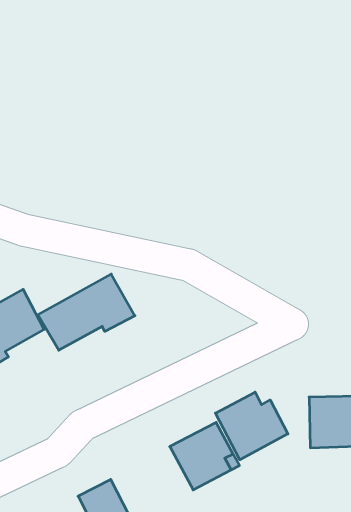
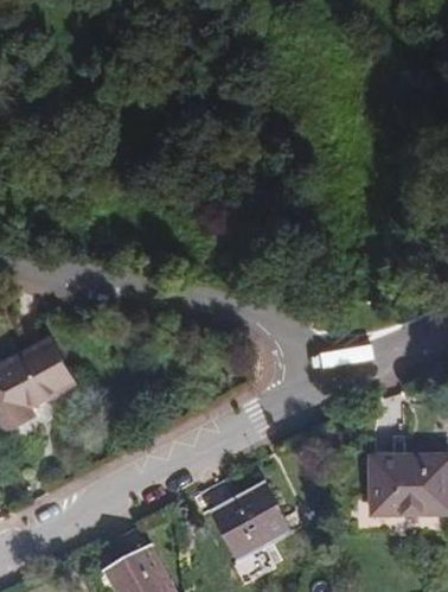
building: [38,274,135,350] -> none
building: [215,392,288,460] -> none

